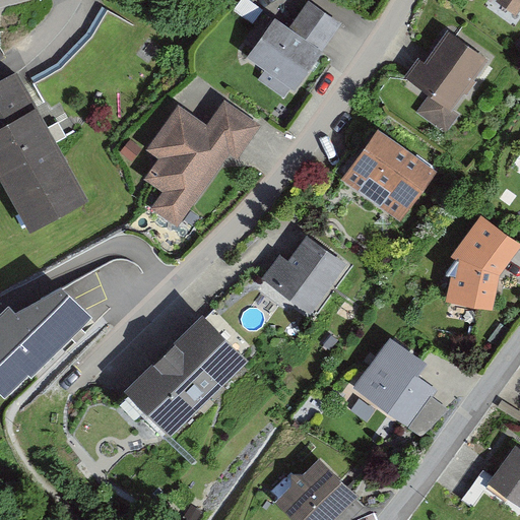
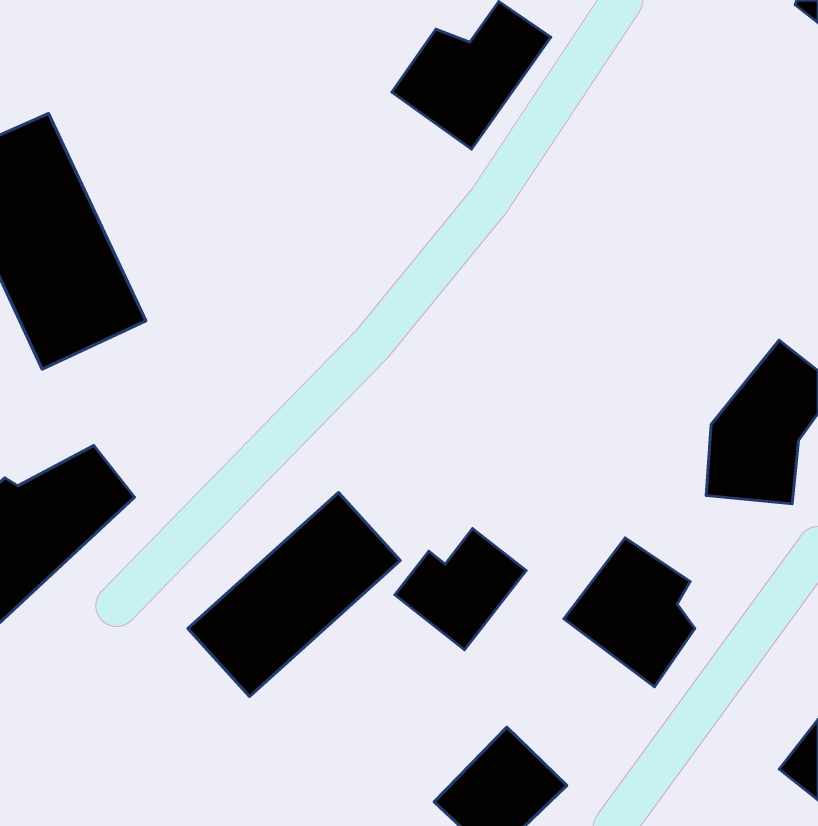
building: [400,36,484,136] -> none
building: [144,96,272,229] -> none
building: [334,129,432,223] -> none
building: [263,239,345,315] -> [395,528,526,650]

